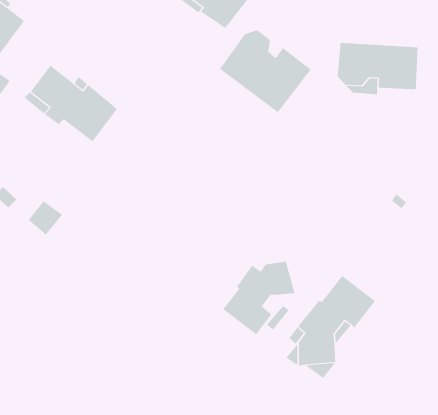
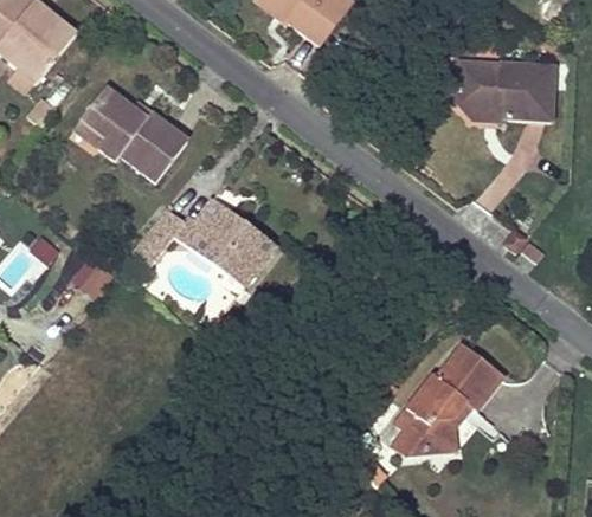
building: [219,30,311,113] -> none
building: none -> [131,199,275,287]
building: [223,261,295,335] -> none

